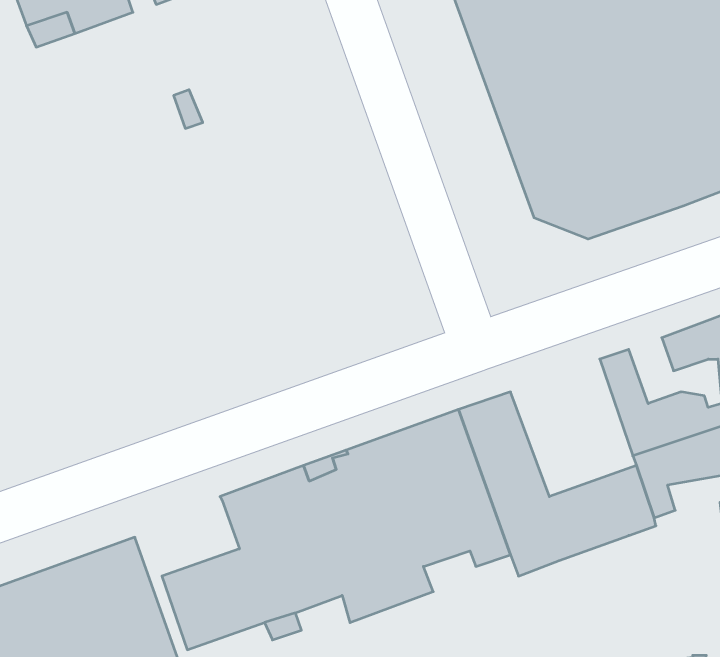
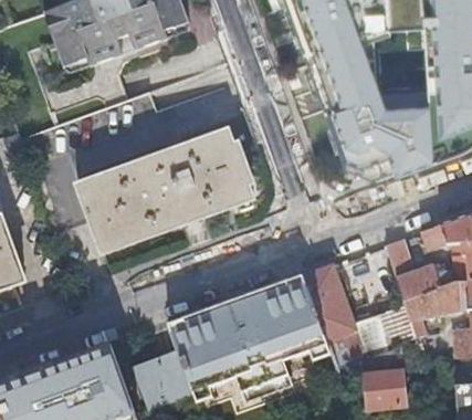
building: none -> [78,129,253,251]
building: none -> [361,344,407,408]

